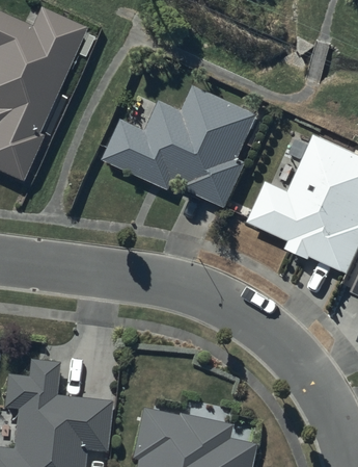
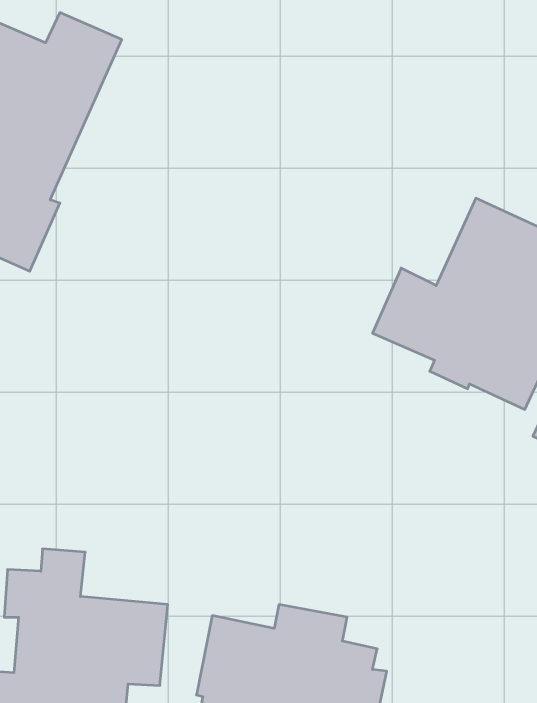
building: [103,85,257,207] -> none

